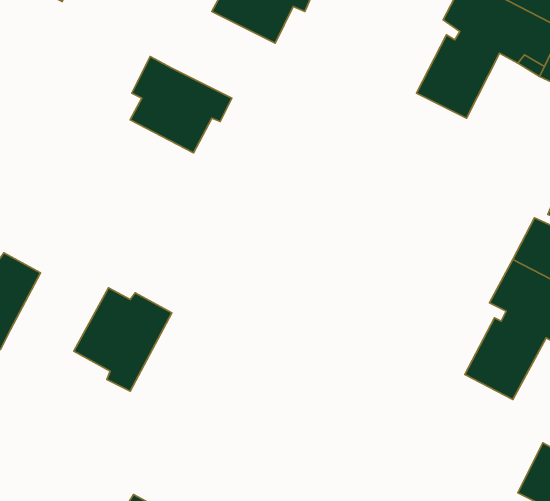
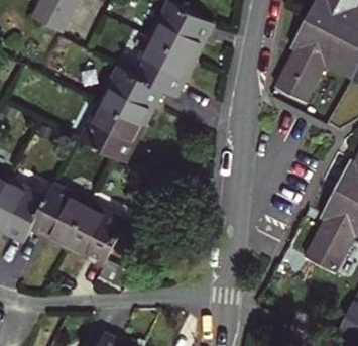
building: none -> [128,38,191,98]
building: none -> [78,104,141,163]
building: none -> [30,183,90,244]

